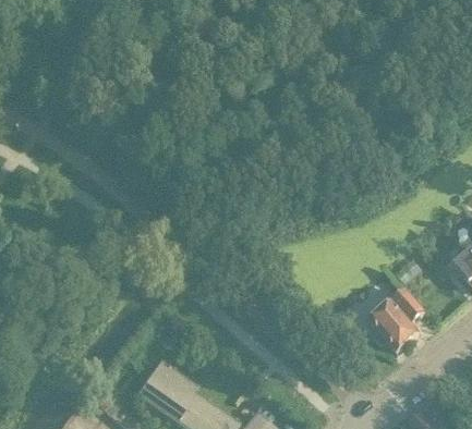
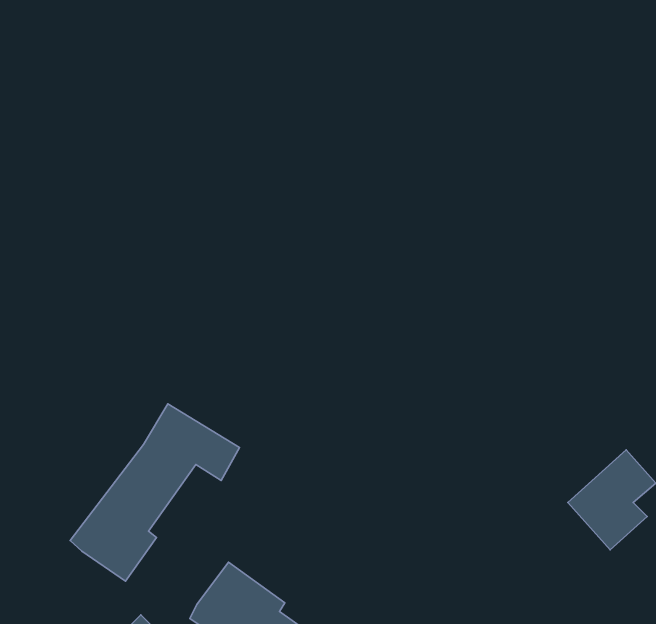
building: none -> [70,404,239,581]

